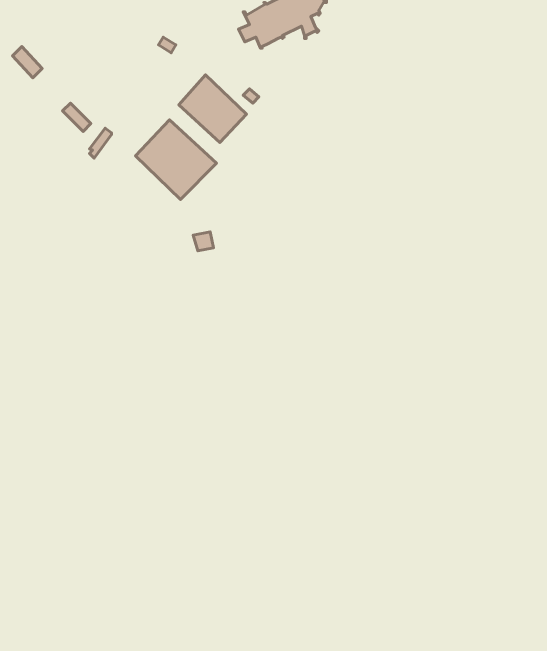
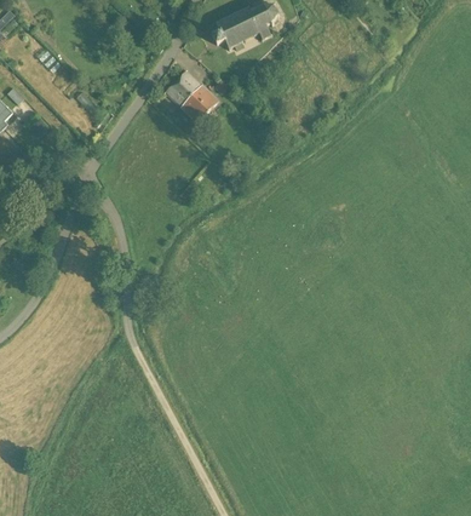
building: [136,120,216,199] -> none

